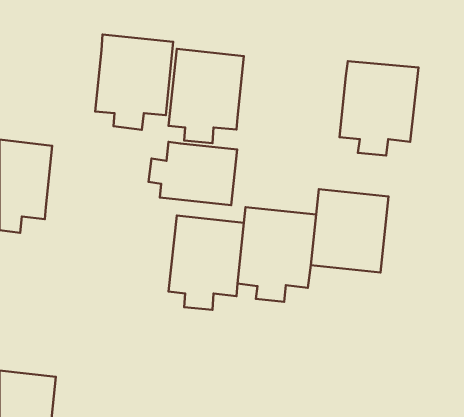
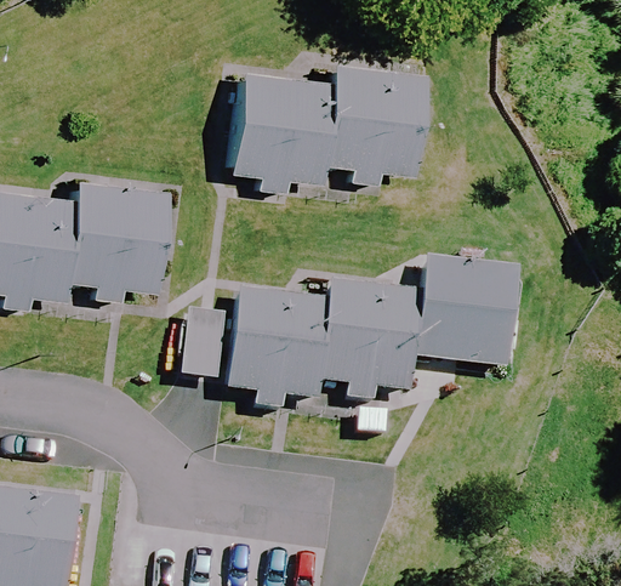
building: [95,35,173,130] -> [65,177,169,303]
building: [340,61,418,156] -> [319,59,423,184]
building: [149,142,237,205] -> none

